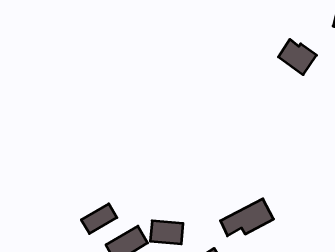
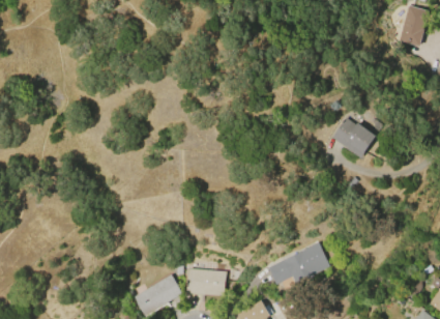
building: [278,39,317,75] -> [332,117,377,158]
building: [81,204,117,234] -> none

